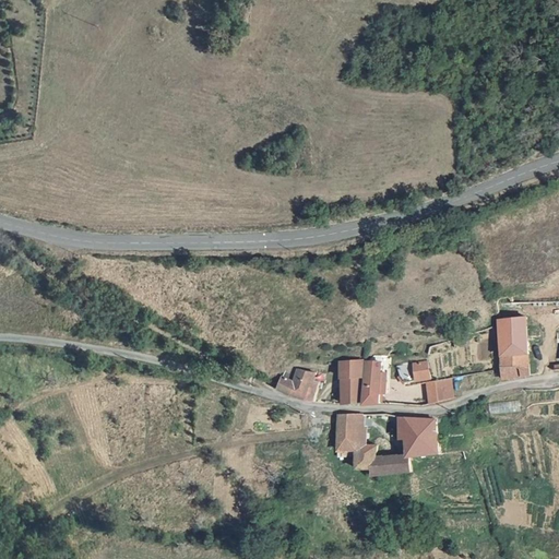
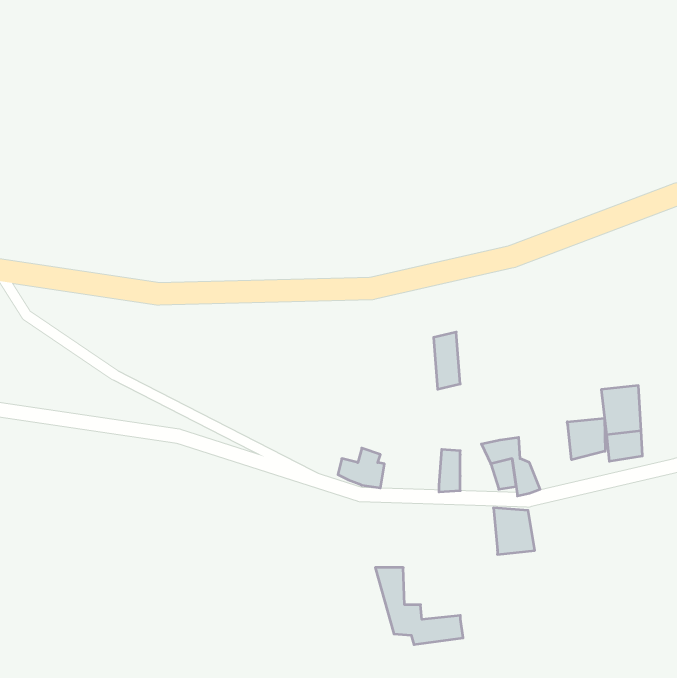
building: none -> [567,418,605,460]
building: [338,356,360,403] -> [434,332,460,389]
building: [338,413,411,476] -> [375,568,463,645]

